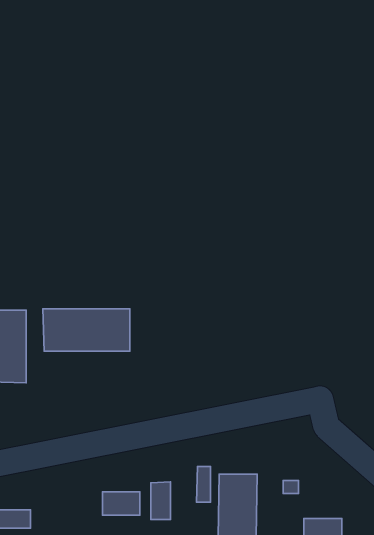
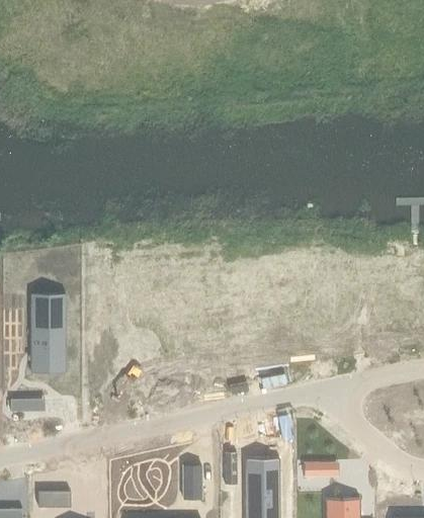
building: [43,309,130,351] -> none
building: [102,492,140,515] -> none

